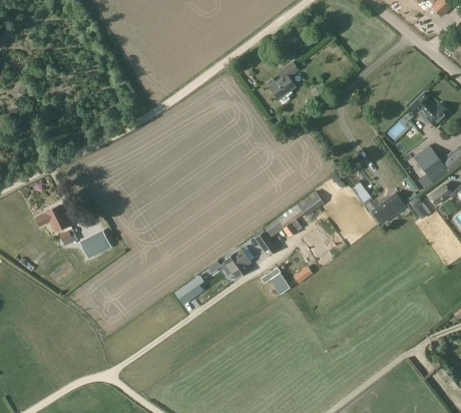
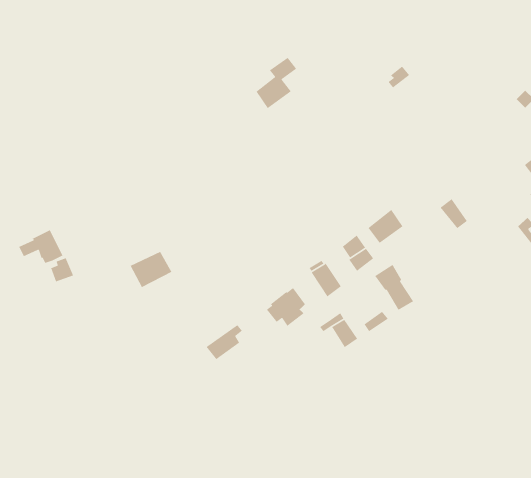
building: [269,60,300,99] -> [256,57,297,109]
building: [369,192,404,224] -> none
building: [79,230,111,258] -> [130,251,172,288]

